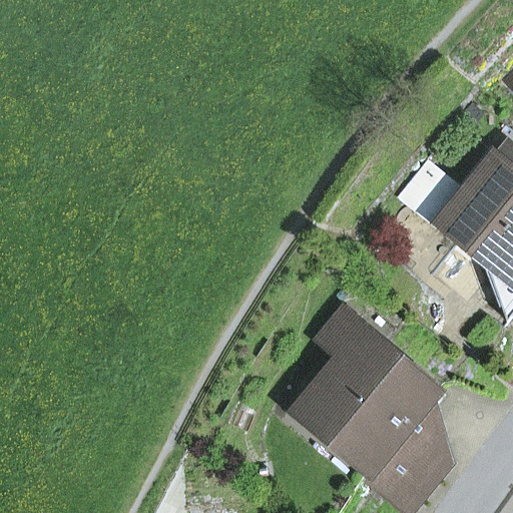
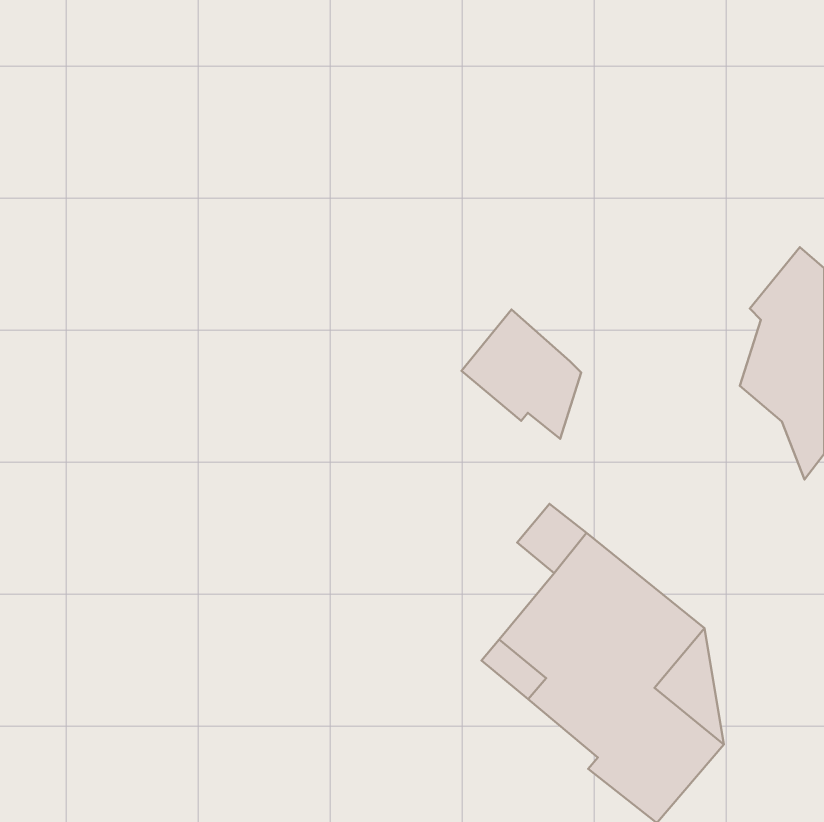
building: [398,159,472,239] -> [462,310,581,439]

